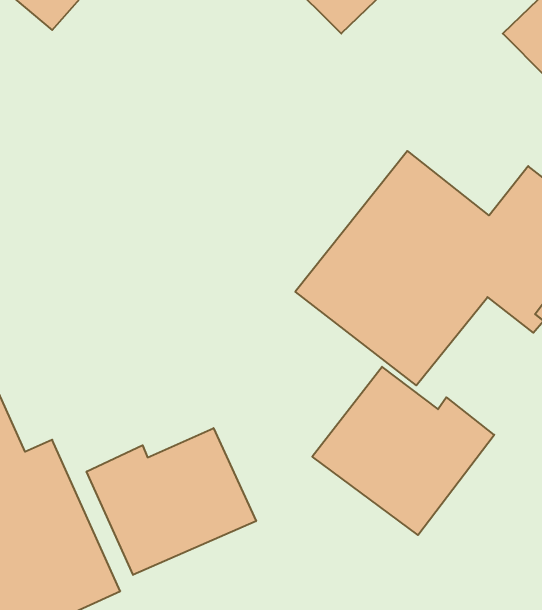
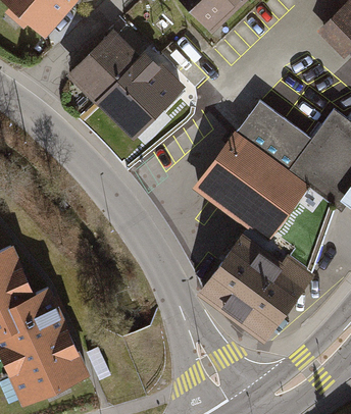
building: none -> [68,30,181,139]
building: [87,428,256,575] -> none

